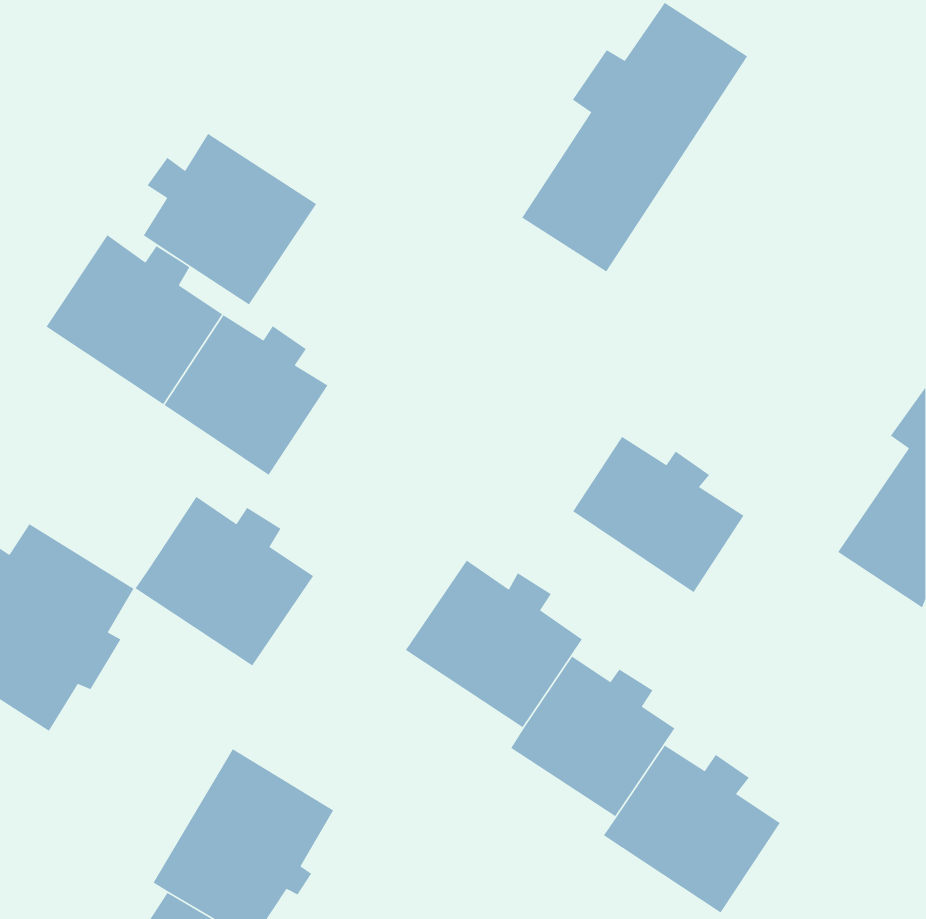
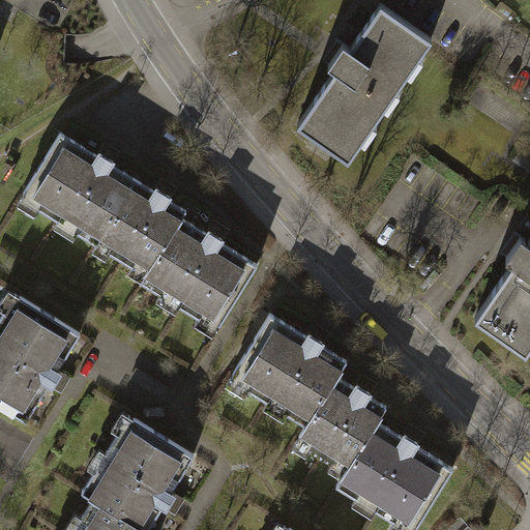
building: [143,133,317,305] -> none
building: [572,436,744,593] -> none
building: [134,496,314,667] -> [146,234,248,331]

